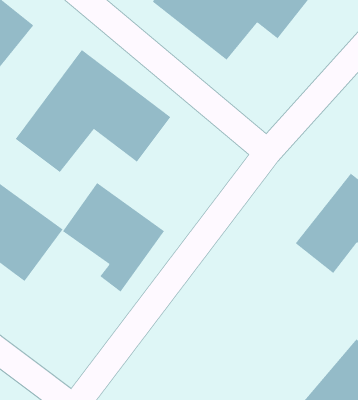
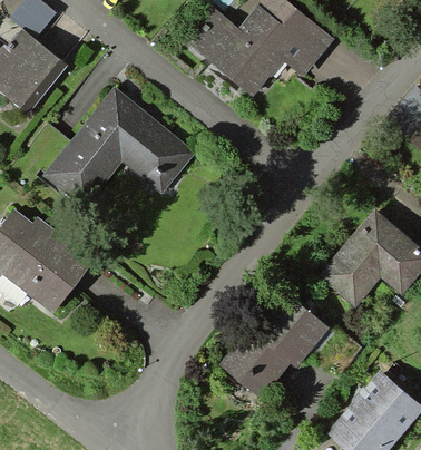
building: [62,182,165,292] -> none
building: none -> [221,297,332,399]

